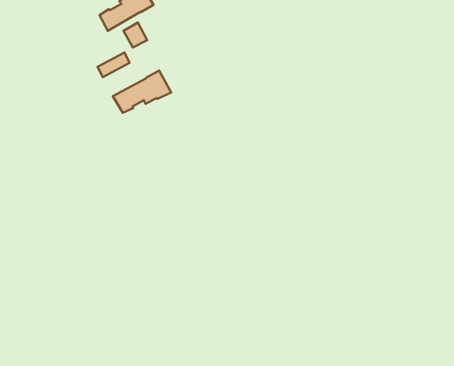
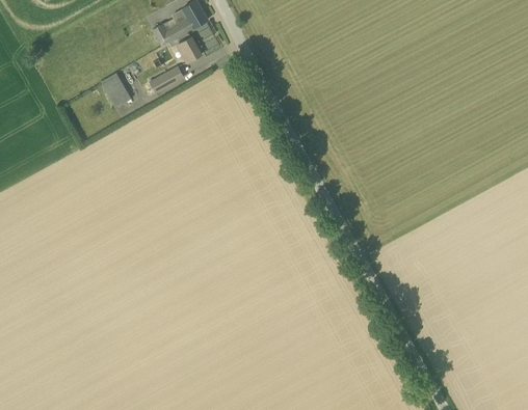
building: none -> [100,72,131,107]
building: [113,71,171,113] -> none

